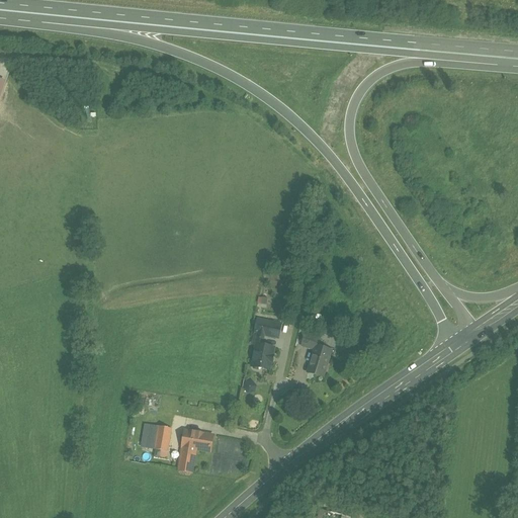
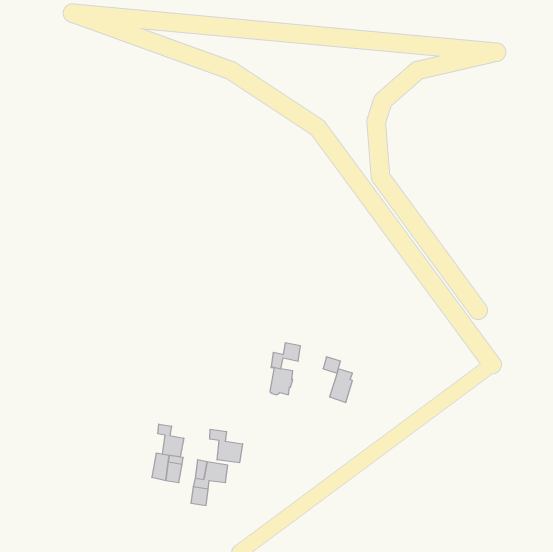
building: none -> [158,424,184,457]
building: none -> [210,429,243,463]

